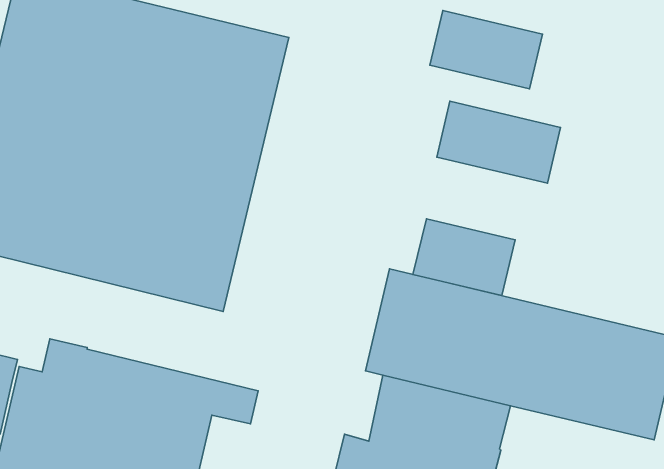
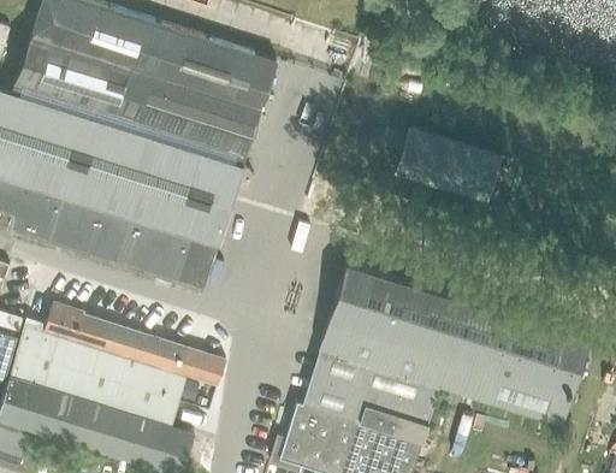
building: [430,11,543,89] -> none
building: [413,219,515,296] -> none

